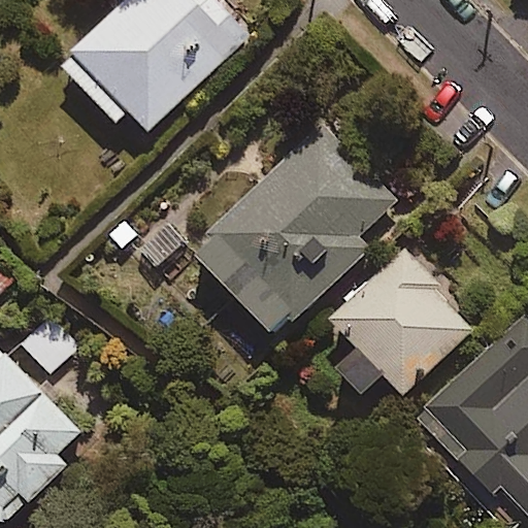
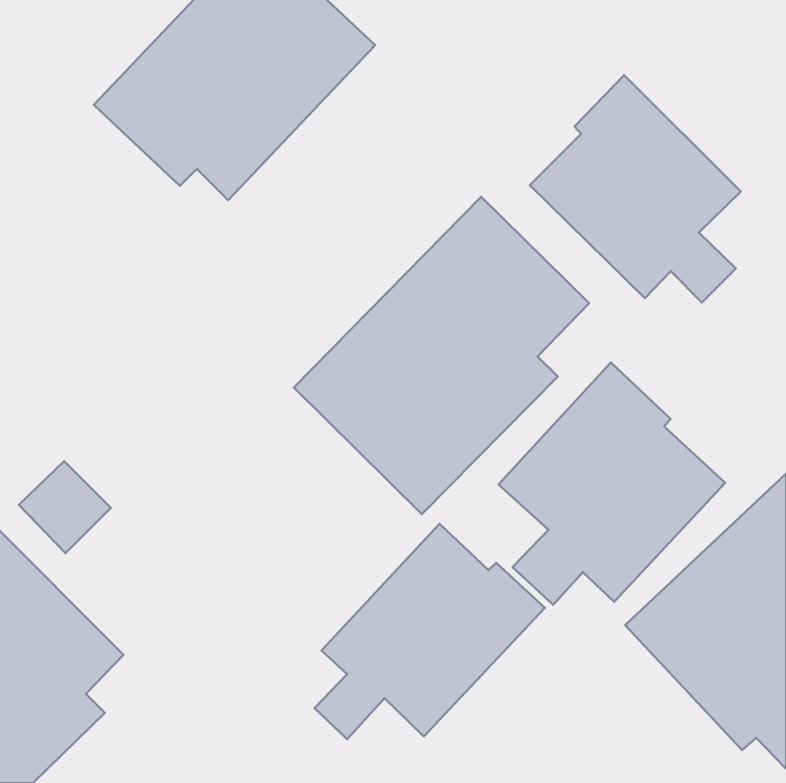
building: none -> [530,75,741,303]
building: none -> [315,524,545,739]

